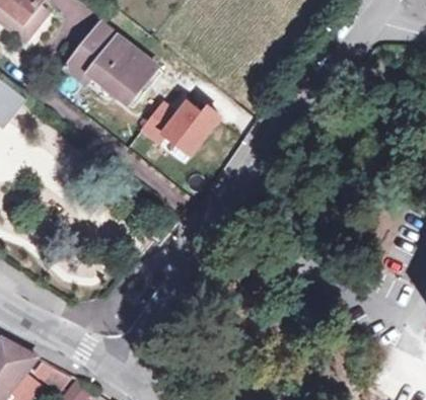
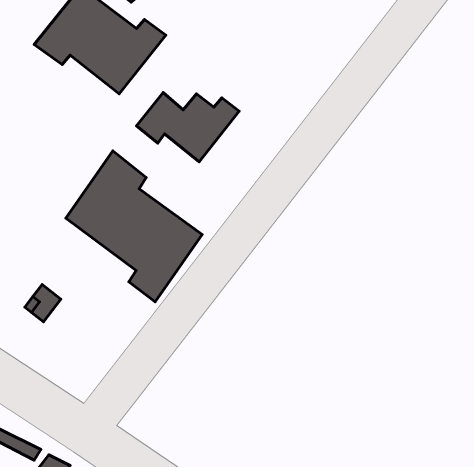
building: none -> [66,151,202,302]

